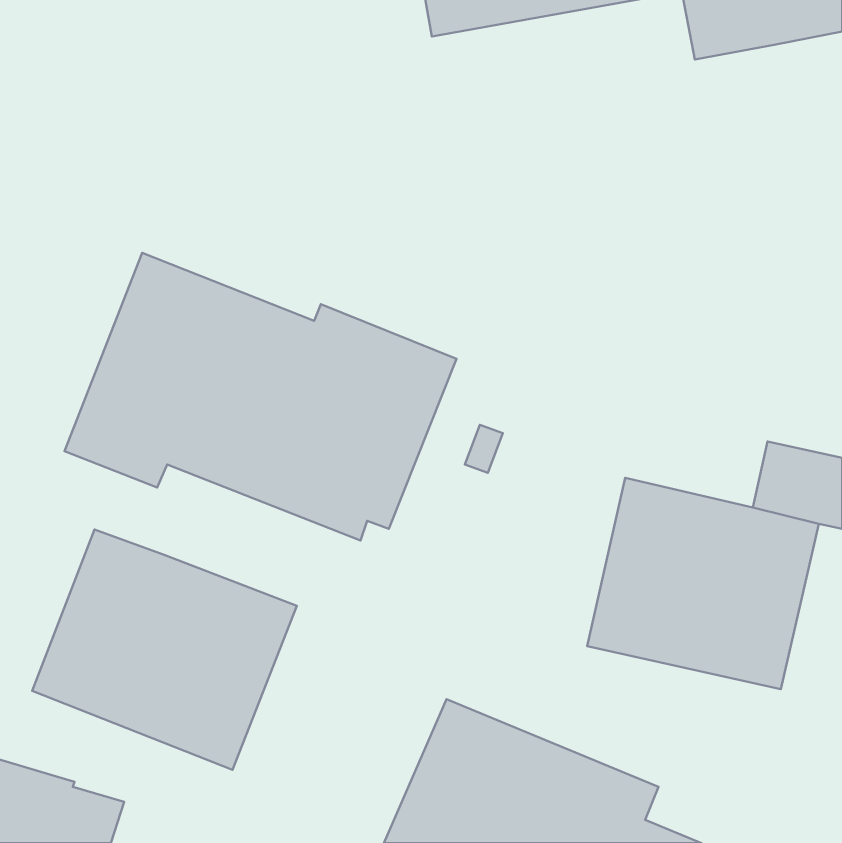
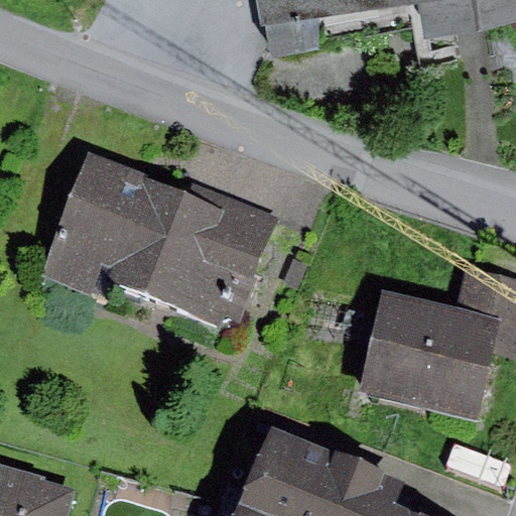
building: [32,529,297,770] -> none

